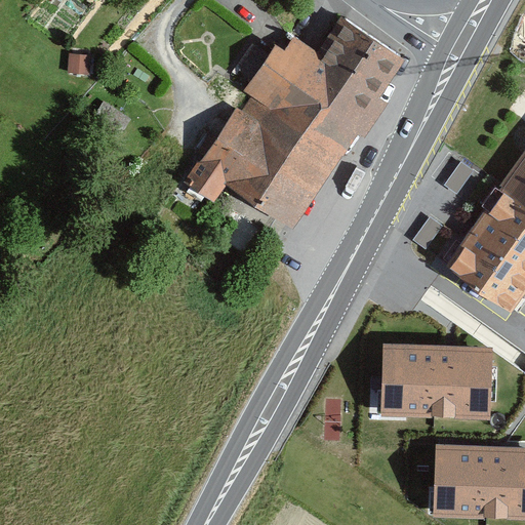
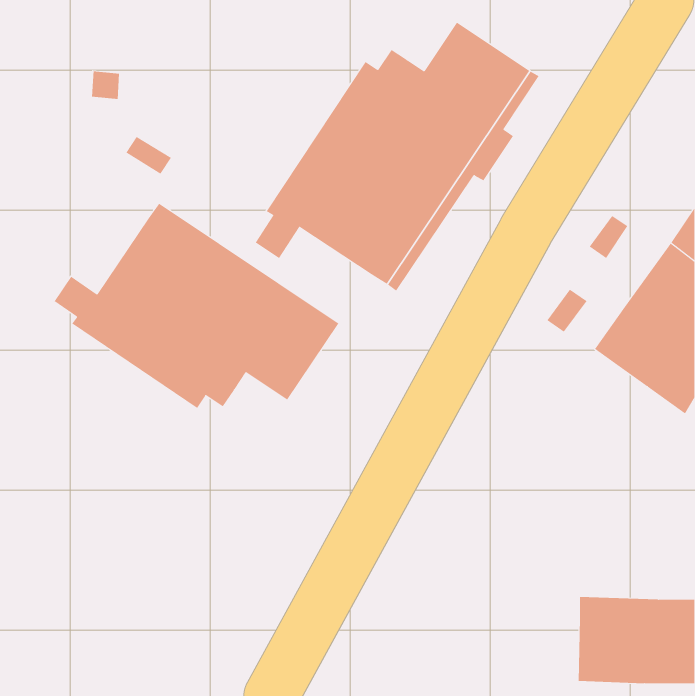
building: none -> [54,203,339,409]
building: [381,346,489,418] -> none

